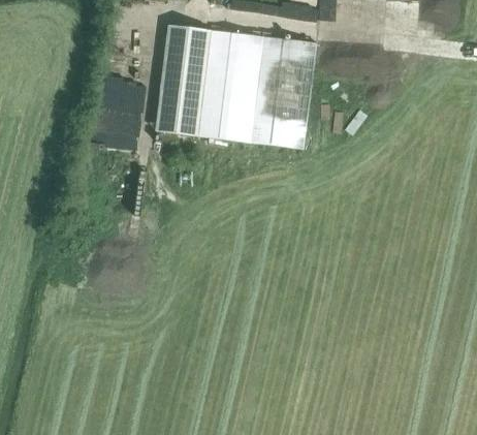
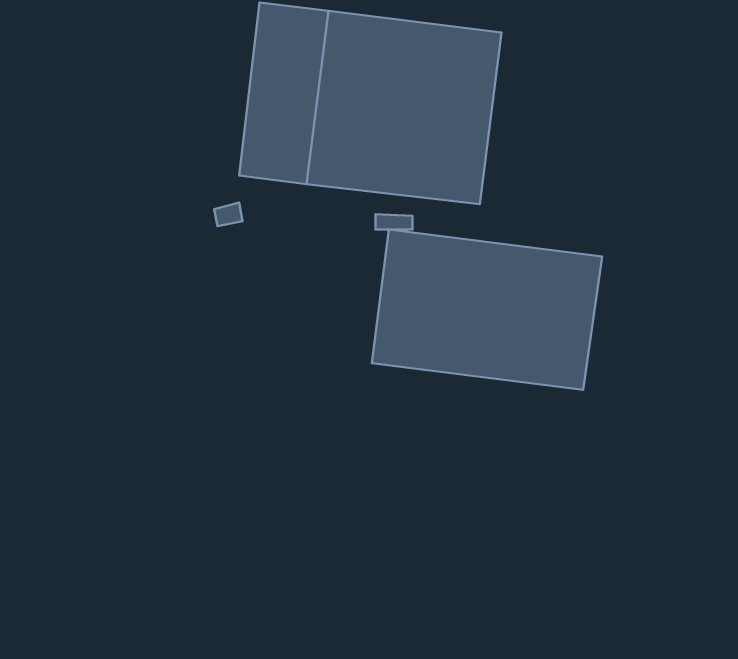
building: none -> [372,229,602,390]

